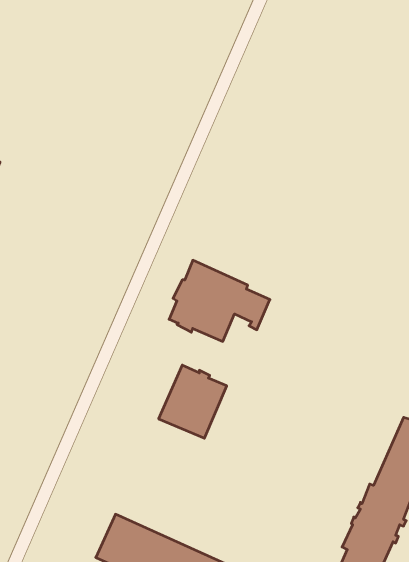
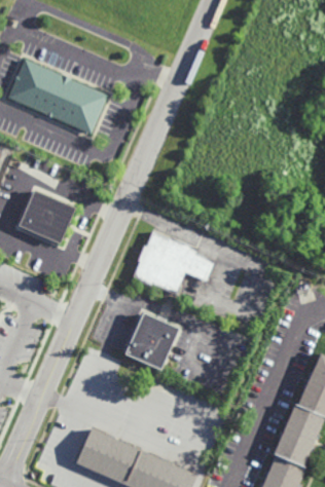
building: none -> [8,59,108,134]
building: none -> [19,189,75,244]

